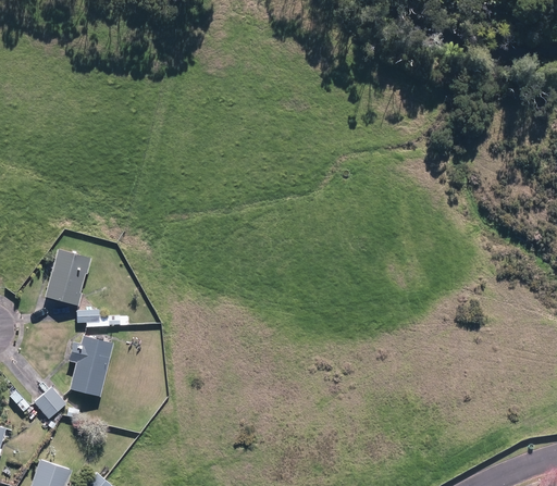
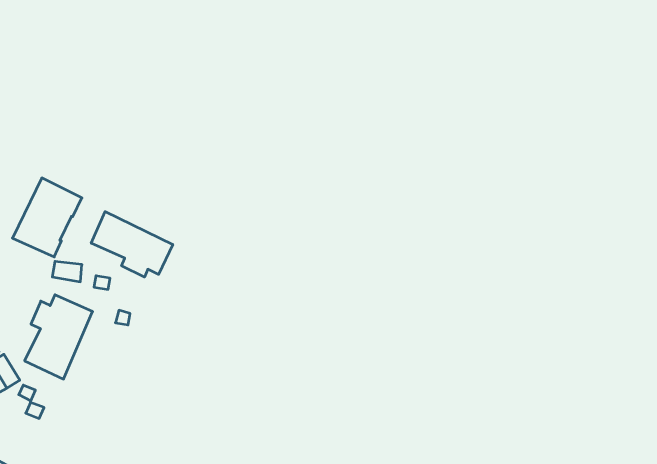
building: none -> [91,212,173,277]

